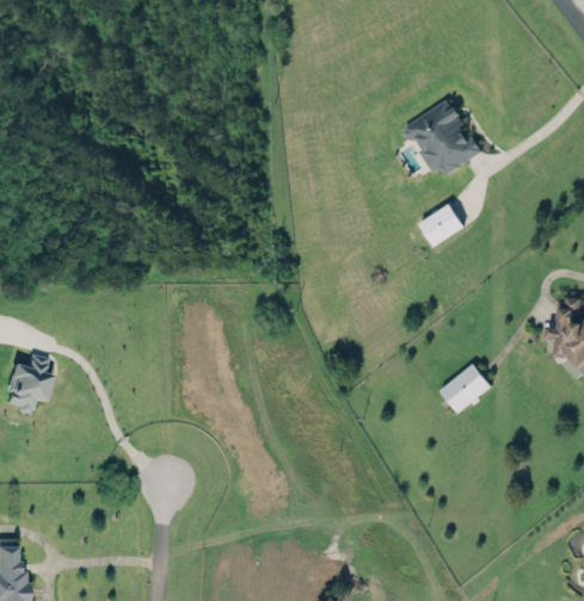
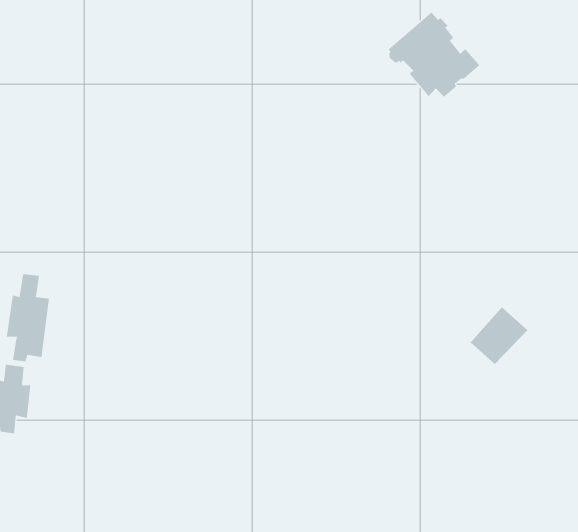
building: [420,205,466,247] -> none
building: none -> [6,273,49,362]

